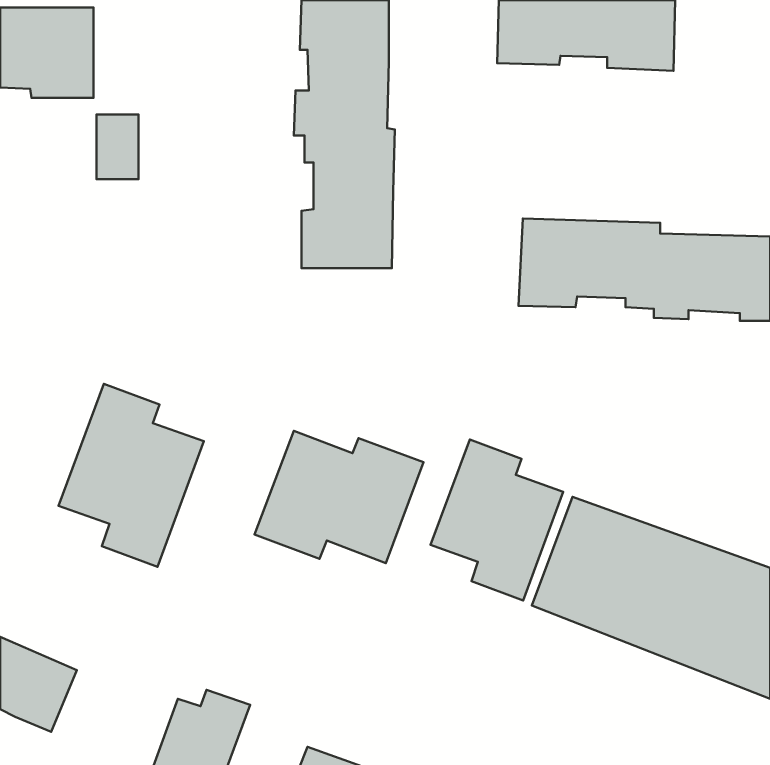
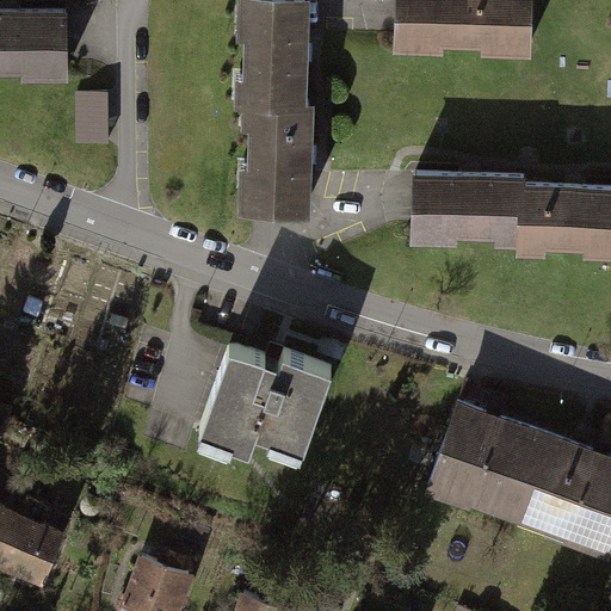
building: [59,384,204,567] -> none
building: [431,440,563,600] -> none

